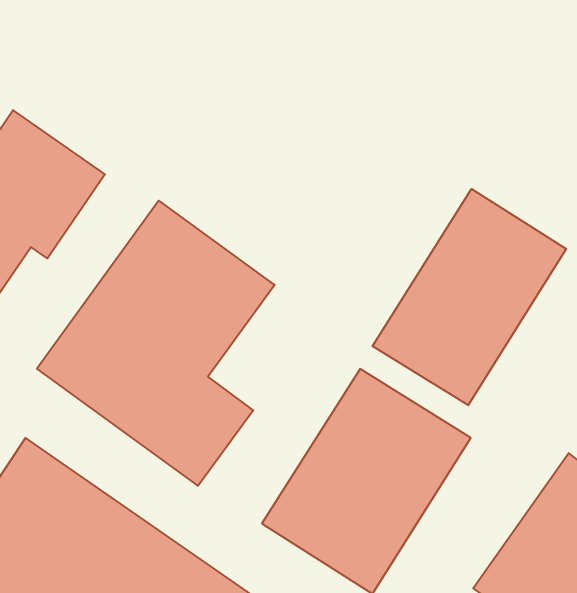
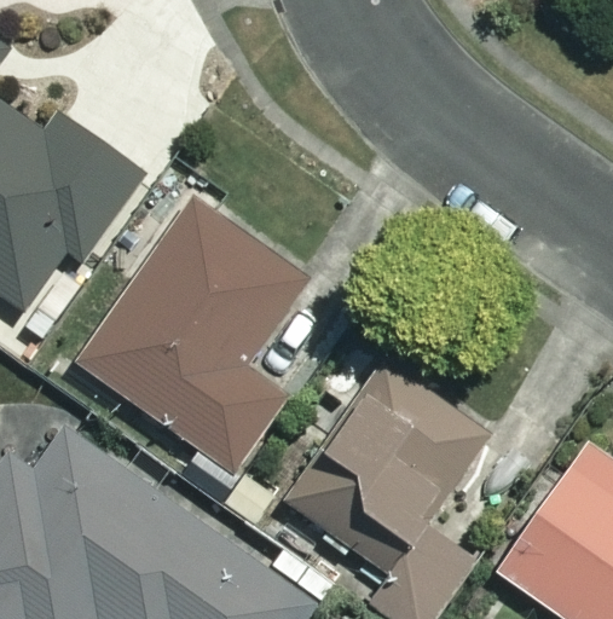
building: [373,189,566,405] -> none

